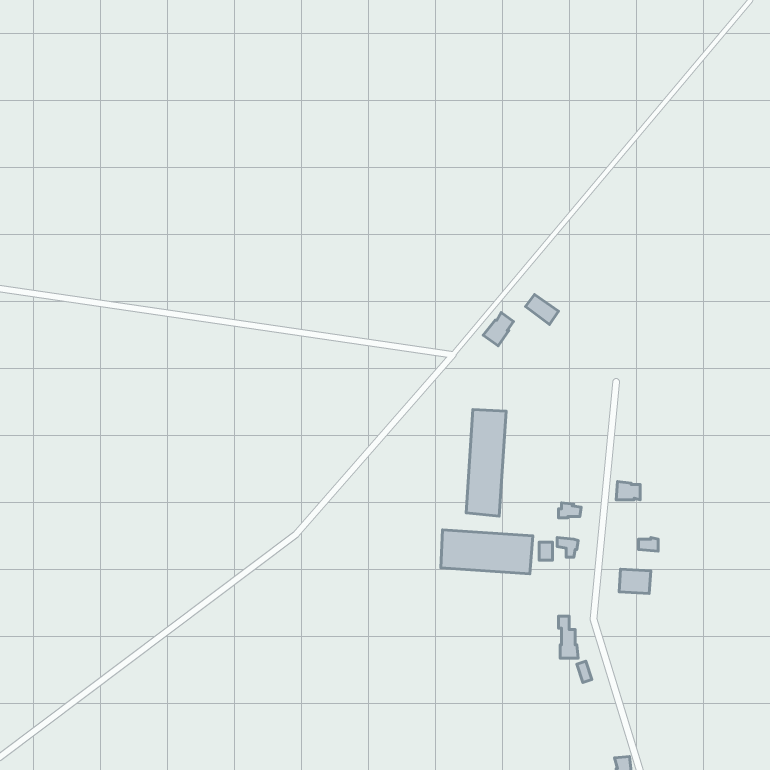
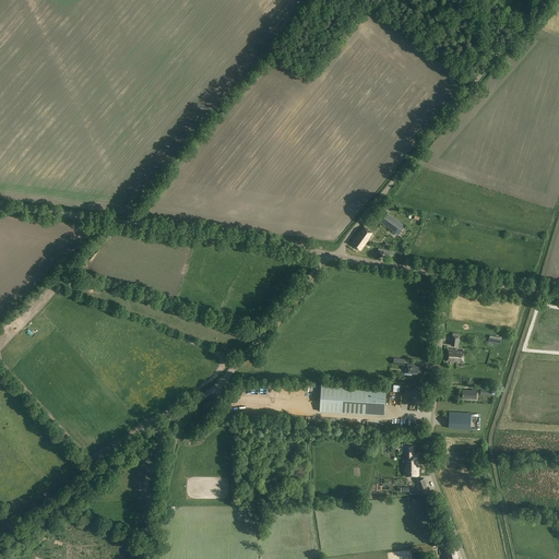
building: [466,409,506,516] -> none

